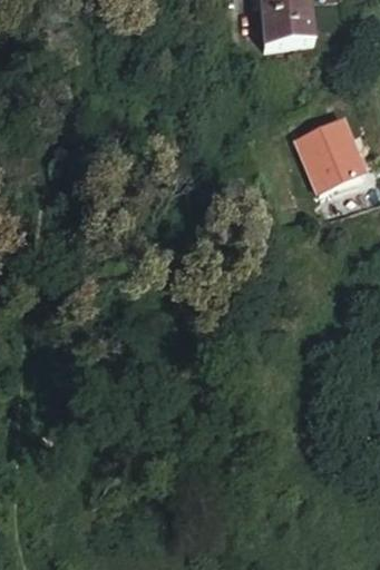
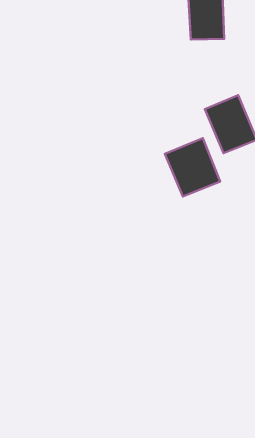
building: none -> [165,138,220,196]

